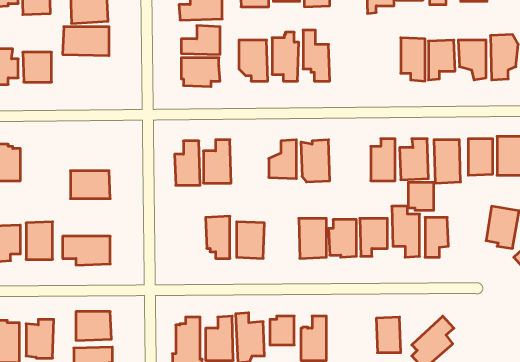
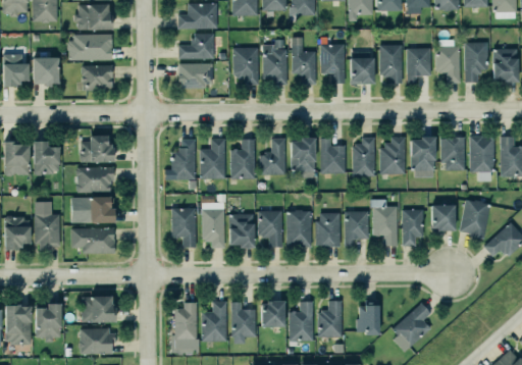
building: none -> [319,44,344,84]
building: none -> [350,54,374,85]
building: none -> [82,66,113,91]
building: none -> [80,137,114,163]
building: none -> [319,137,345,173]
building: none -> [230,140,255,179]
building: none -> [35,143,60,174]
building: [408,182,434,210] -> [430,205,454,230]
building: none -> [71,197,113,224]
building: none -> [170,208,195,248]
building: none -> [258,211,282,248]
building: none -> [318,302,343,337]

